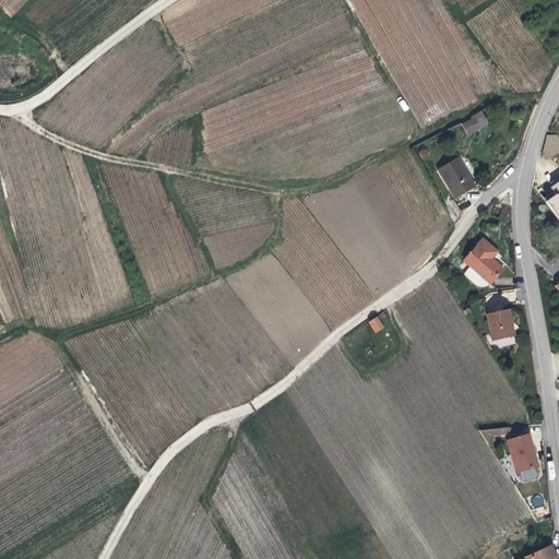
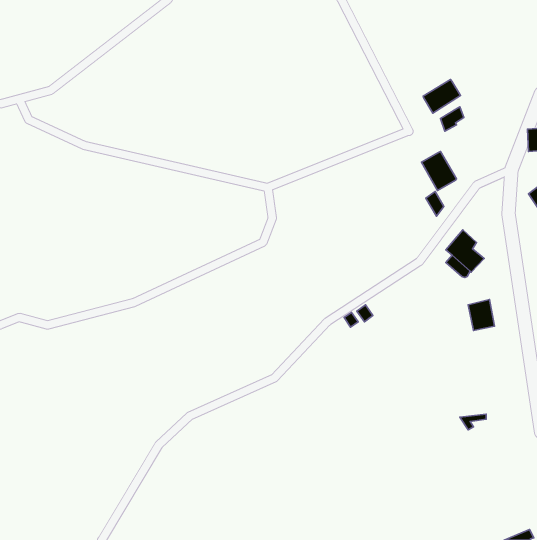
building: none -> [423,80,461,113]
building: [507,433,539,480] -> none

